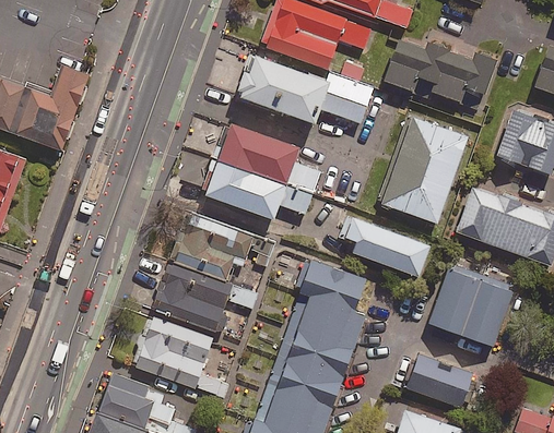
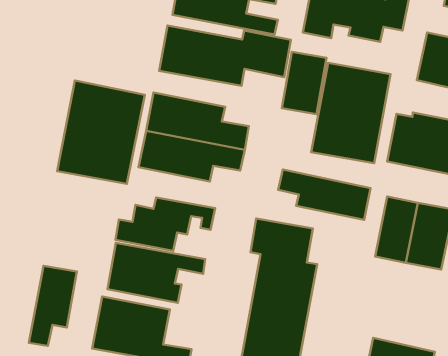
building: none -> [57,81,145,184]
building: none -> [282,52,327,114]
building: none -> [29,266,77,346]
building: [400,351,467,402] -> none

